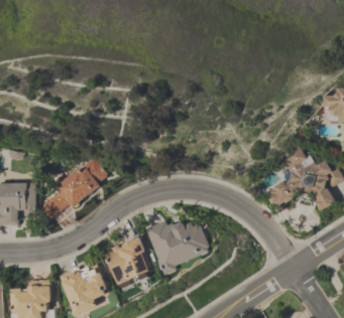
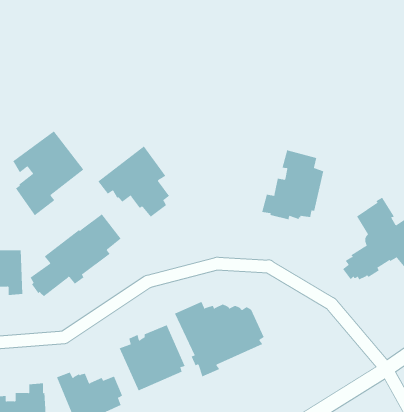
building: none -> [12,130,84,216]
building: none -> [98,146,170,218]
building: none -> [262,150,324,220]

